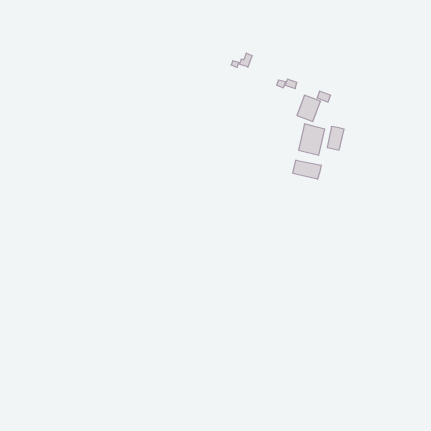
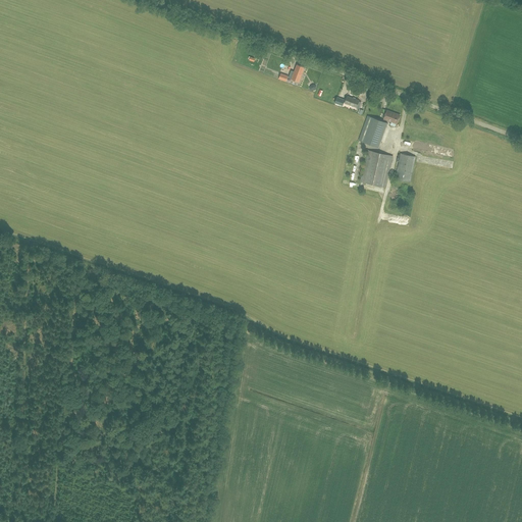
building: [293,160,321,179] -> none

